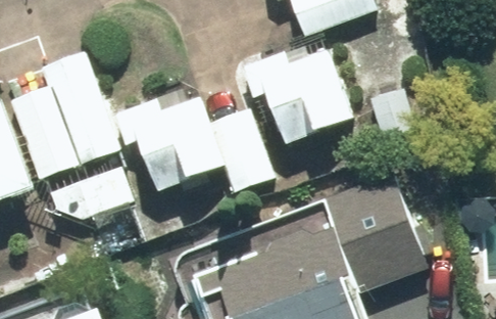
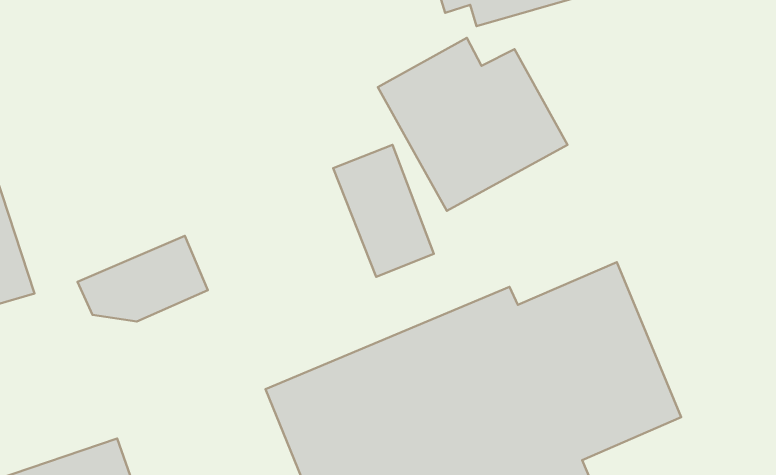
building: [12,48,121,178] -> none
building: [114,95,225,197] -> none

